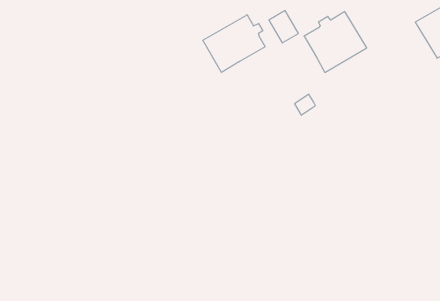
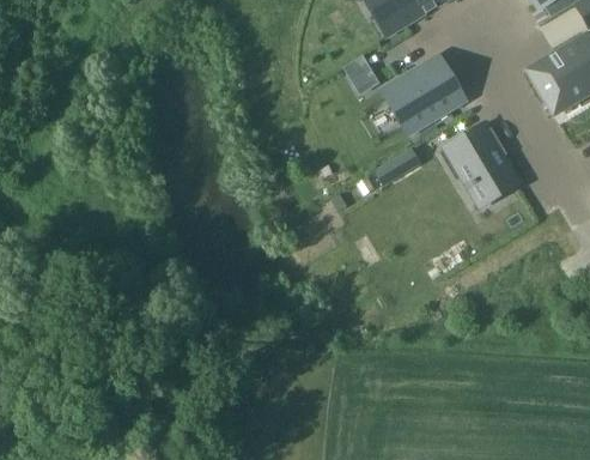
building: [203,15,265,72] -> none
building: none -> [444,125,519,201]

